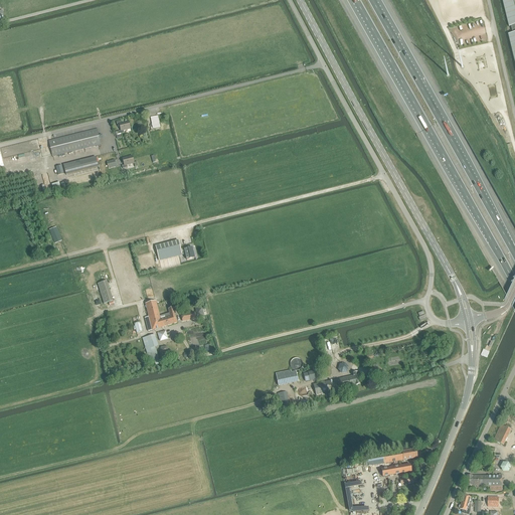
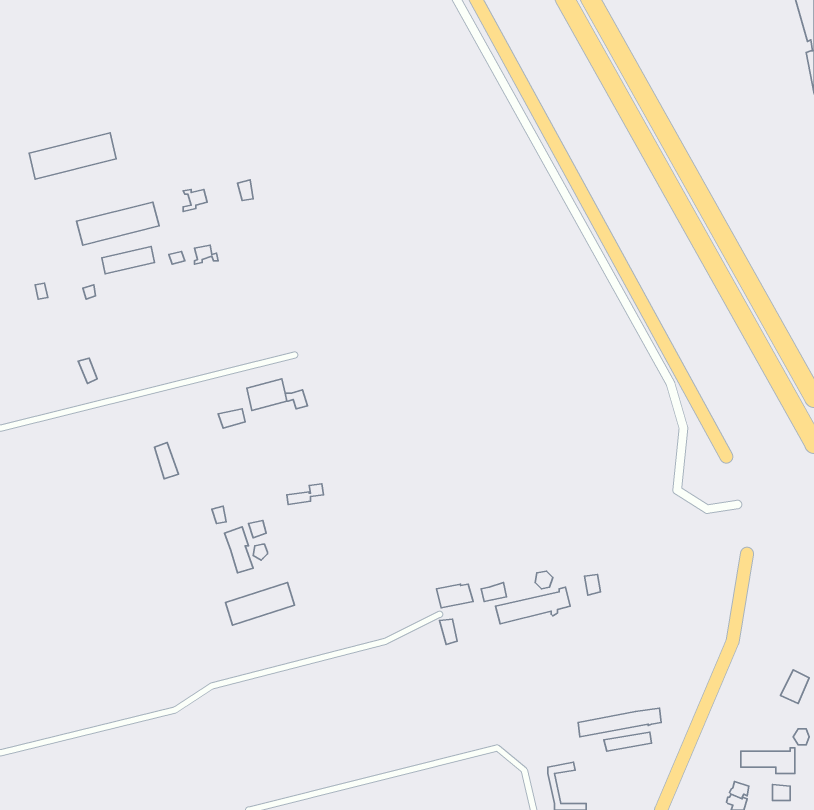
building: none -> [29,133,116,179]
building: [145,300,177,330] -> none
building: none -> [225,583,294,625]

